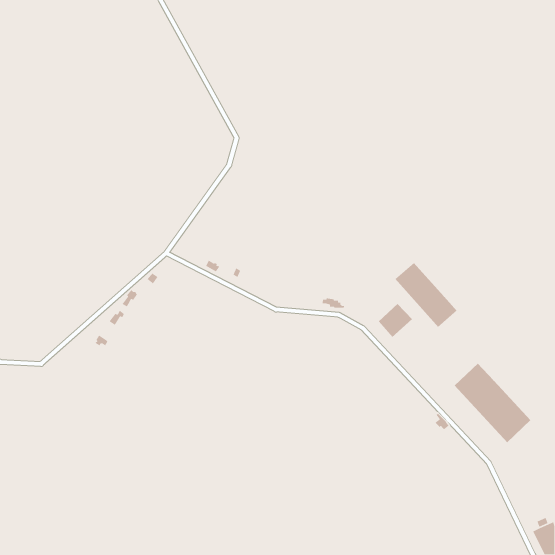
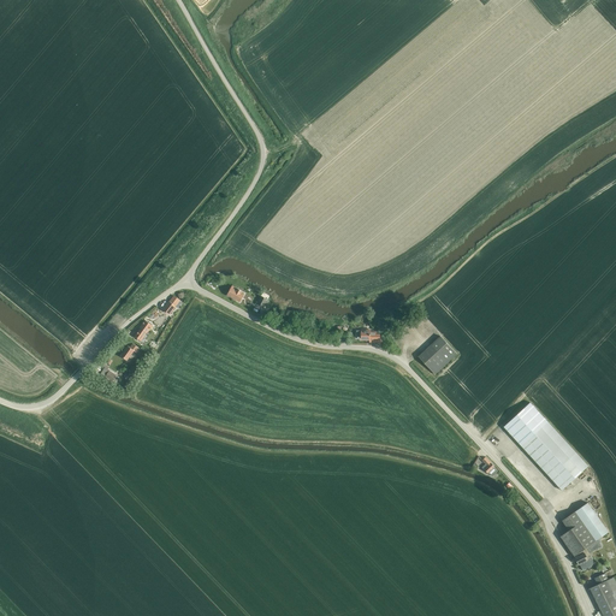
building: [394,262,458,328] -> none
building: none -> [561,503,608,570]

